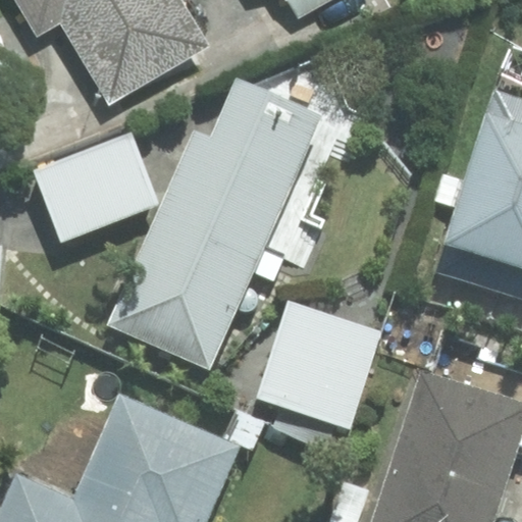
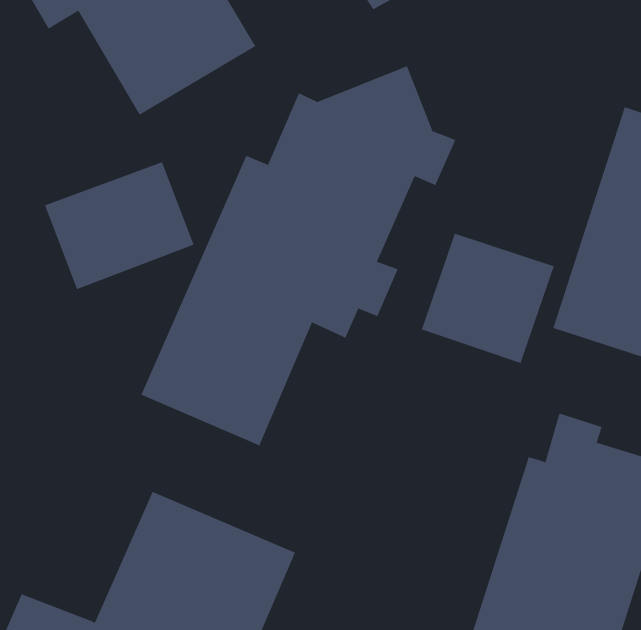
building: none -> [421,233,554,364]
building: [260,303,377,424] -> none

